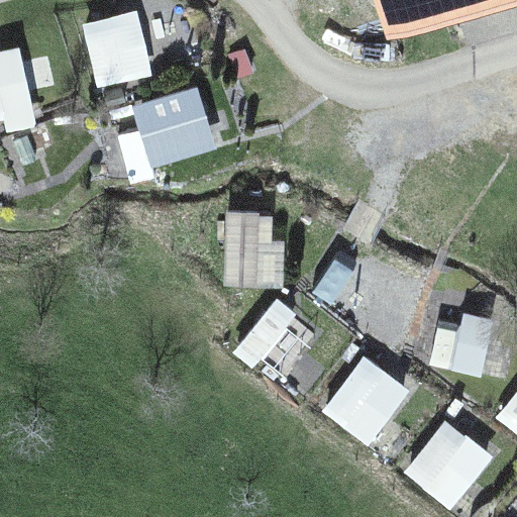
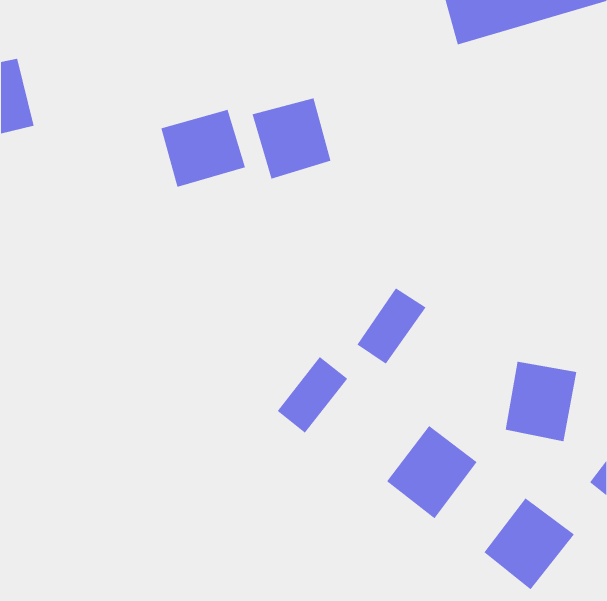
building: [84,12,147,81] -> none
building: none -> [252,98,331,179]
building: [226,216,279,276] -> none

